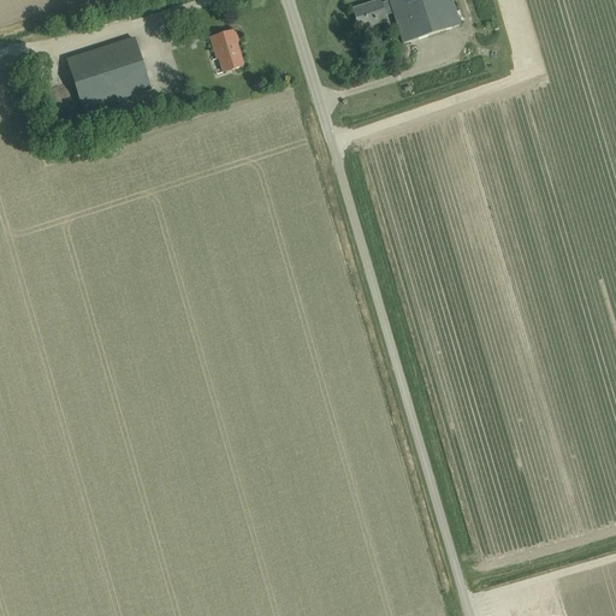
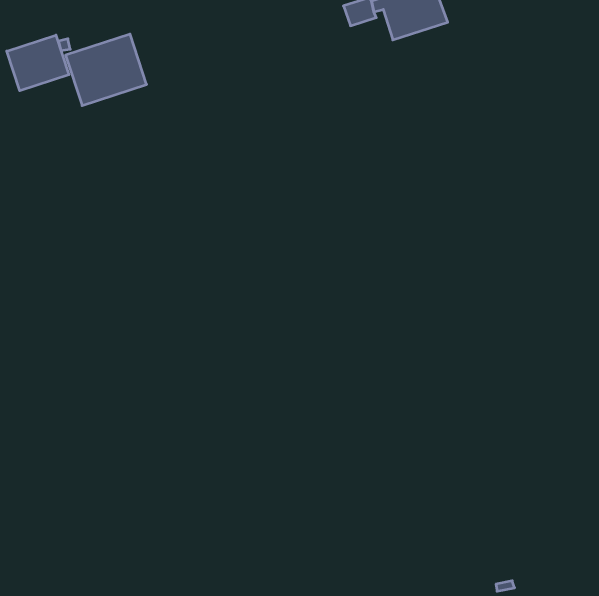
building: [211,28,243,70] -> none
building: none -> [7,35,69,91]

